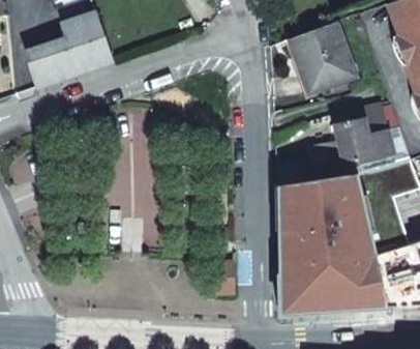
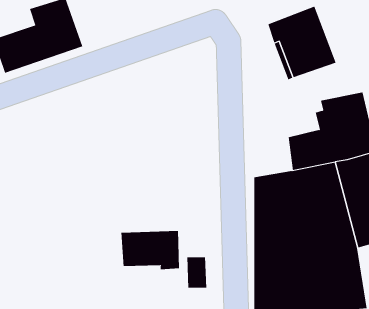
building: none -> [121,230,180,270]

